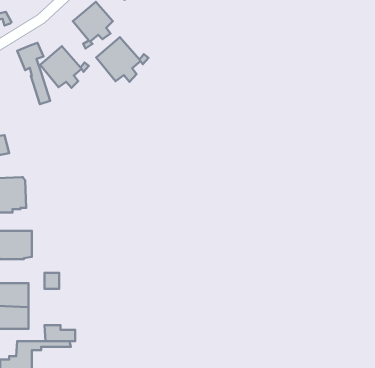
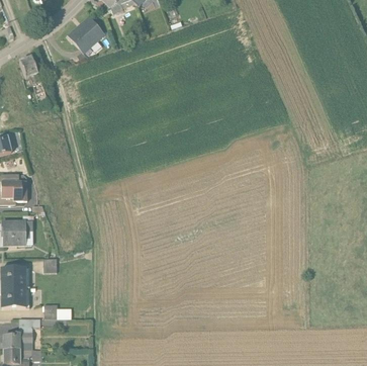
building: [96,37,149,82] -> none
building: [40,46,89,88] -> none

